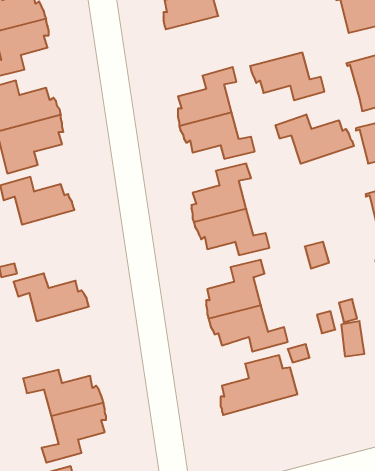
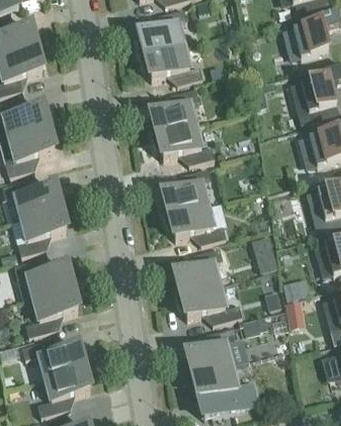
building: [250,53,324,100] -> [140,45,201,84]
building: [276,114,354,164] -> none
building: none -> [17,205,66,255]
building: none -> [25,285,78,335]
building: none -> [187,363,257,417]

